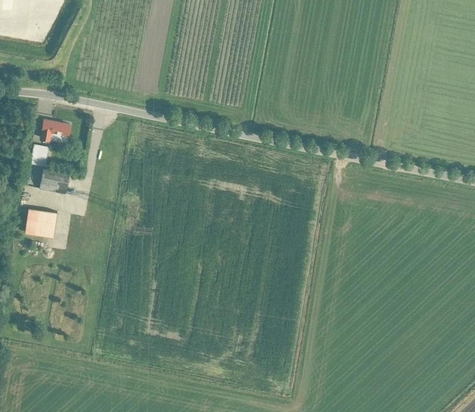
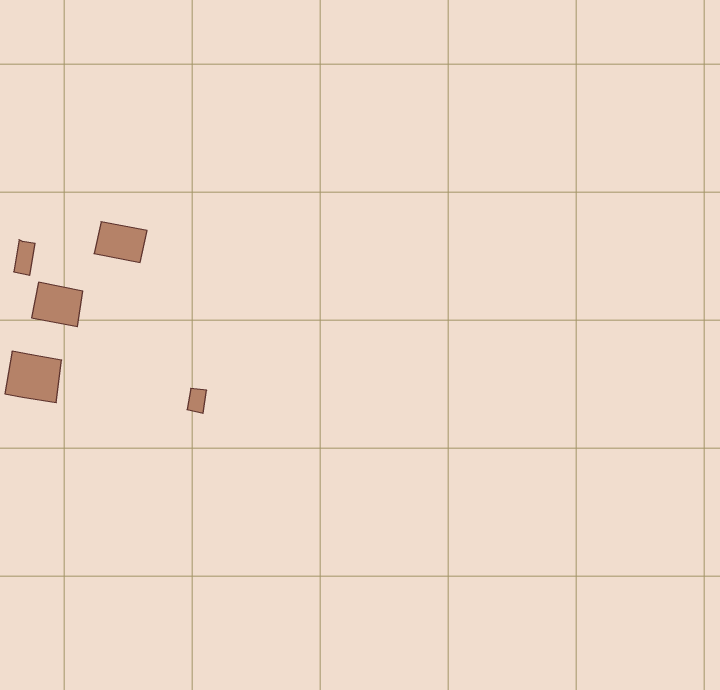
building: [41,120,71,143] -> [94,222,147,262]

